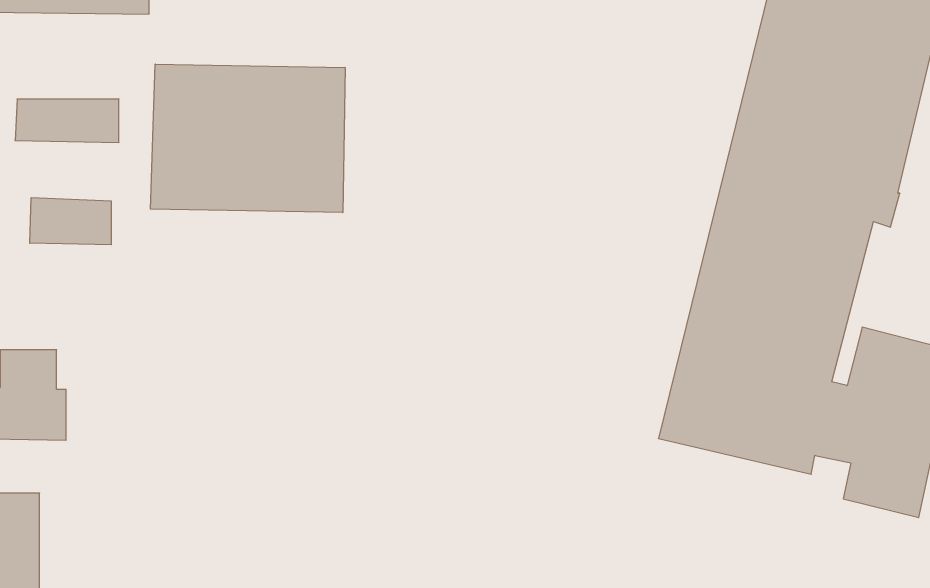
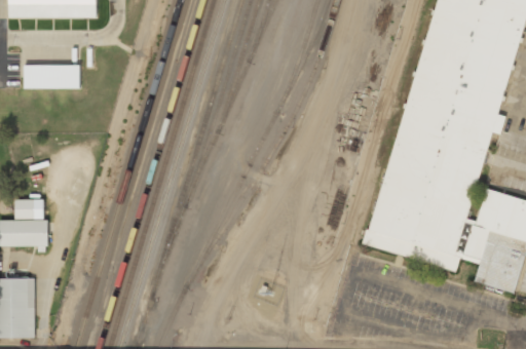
building: [151,64,345,213] -> none
building: [30,198,111,245] -> none

